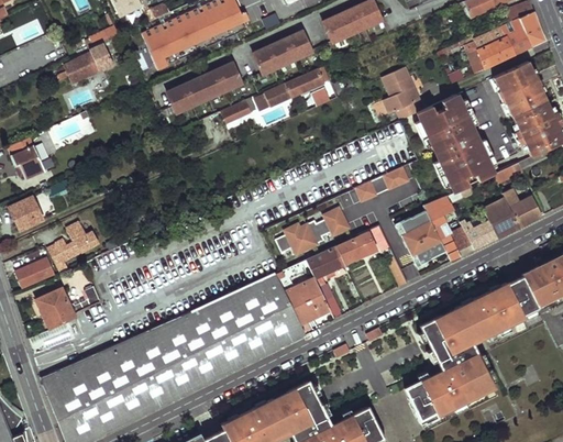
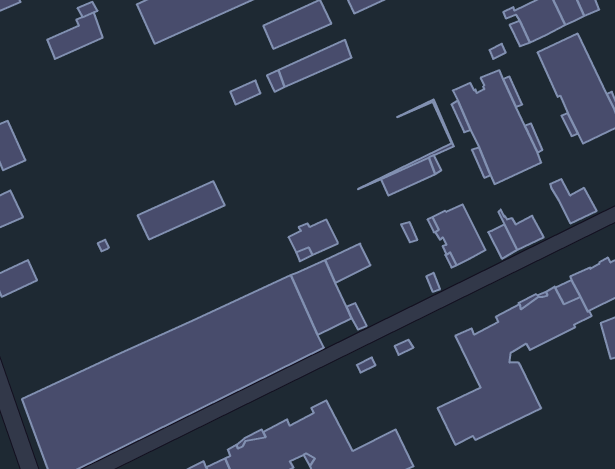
building: [166,64,242,114] -> [138,181,225,239]
building: [385,68,421,119] -> none
building: [424,196,461,261] -> none
building: [481,196,520,239] -> none
building: [308,211,350,243] -> none
building: [57,221,101,258] -> none
building: [338,231,376,261] -> none
building: [37,286,102,330] -> none

